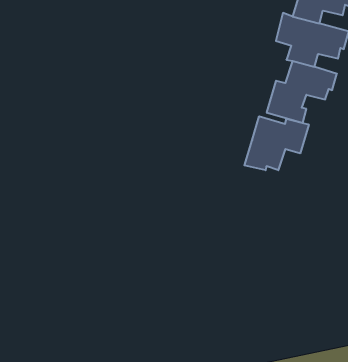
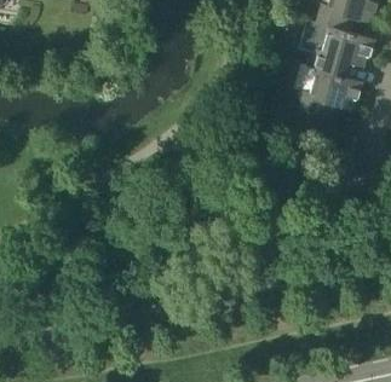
building: [244,116,309,170] -> none

